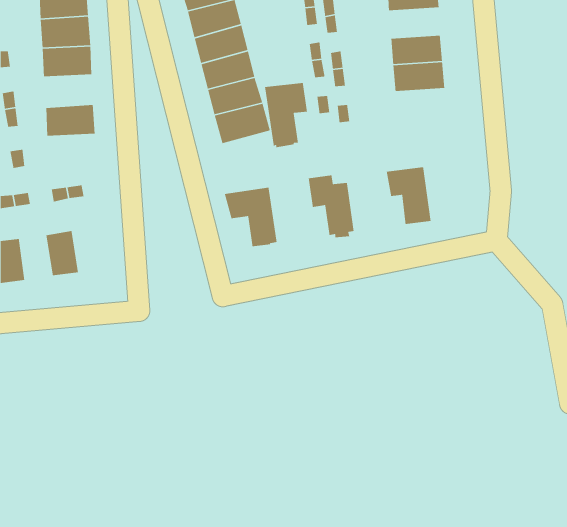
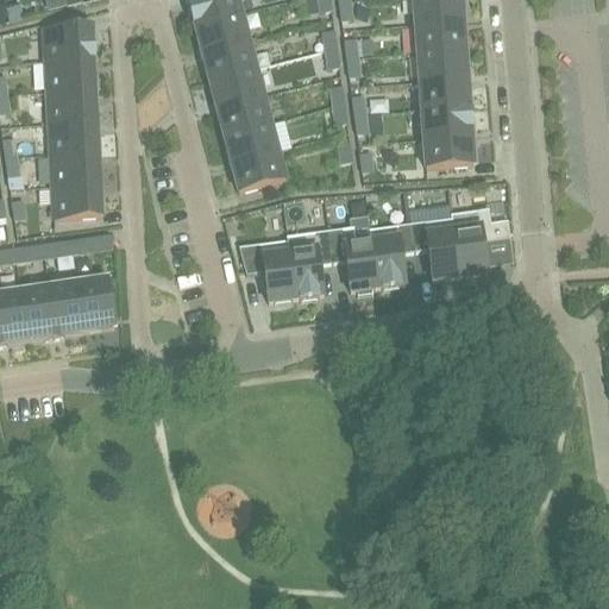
building: none -> [414,48,470,80]
building: none -> [46,119,100,153]
building: [264,82,308,148] -> [287,228,333,299]
building: none -> [421,133,477,168]
building: none -> [50,182,103,219]
building: none -> [451,207,510,275]
building: none -> [370,221,416,287]
building: none -> [77,281,112,329]
building: none -> [21,289,56,338]

